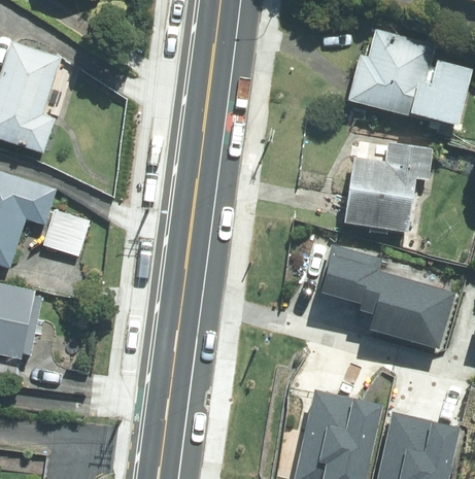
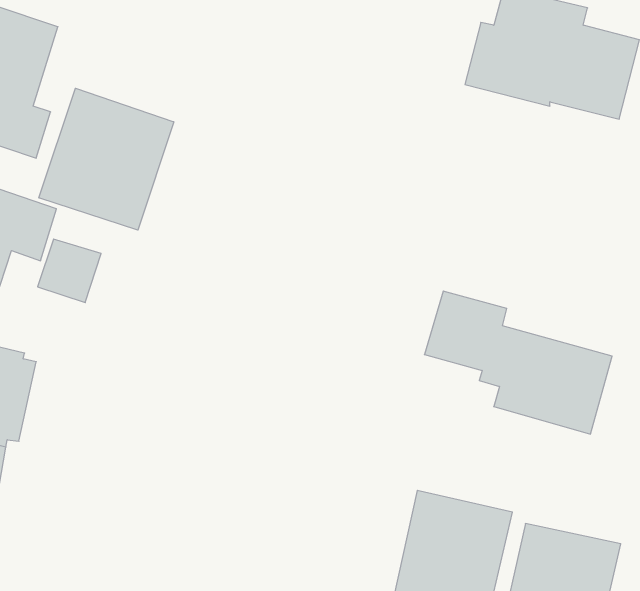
building: none -> [39,88,174,230]
building: [345,142,432,231] -> none

